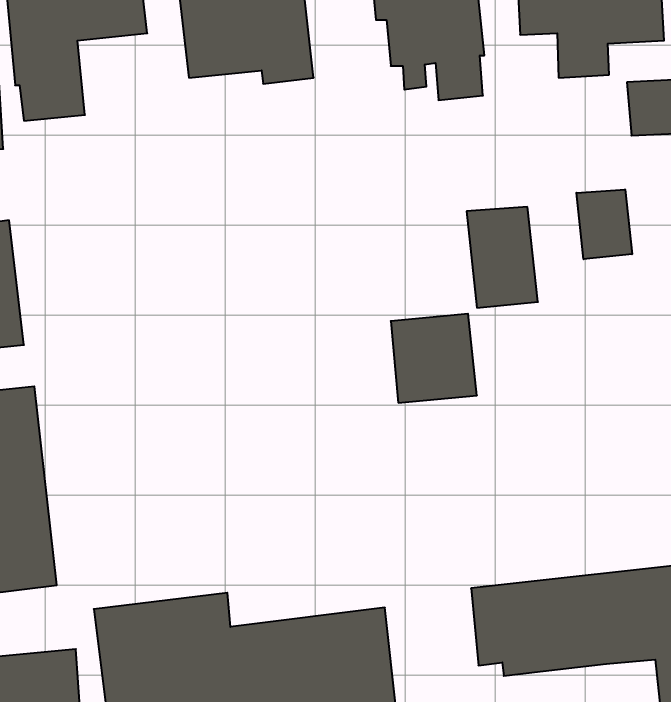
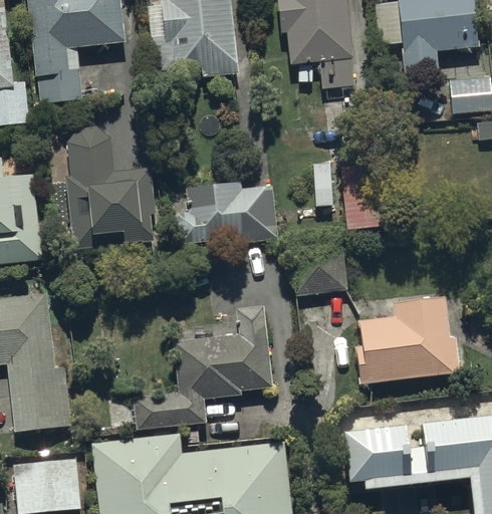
building: none -> [64,144,156,257]
building: [576,189,632,259] -> none
building: none -> [176,185,279,248]
building: none -> [352,298,460,387]
building: none -> [135,303,274,427]

